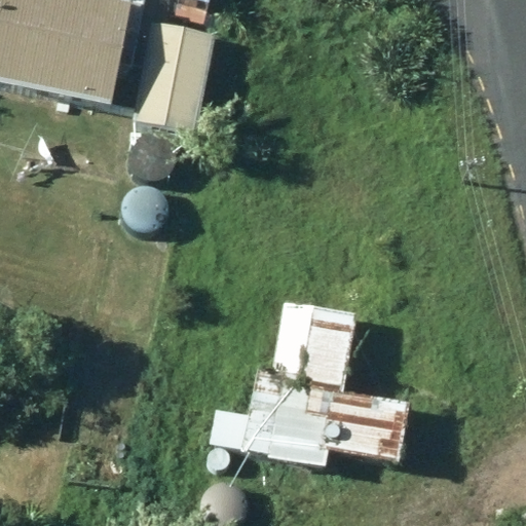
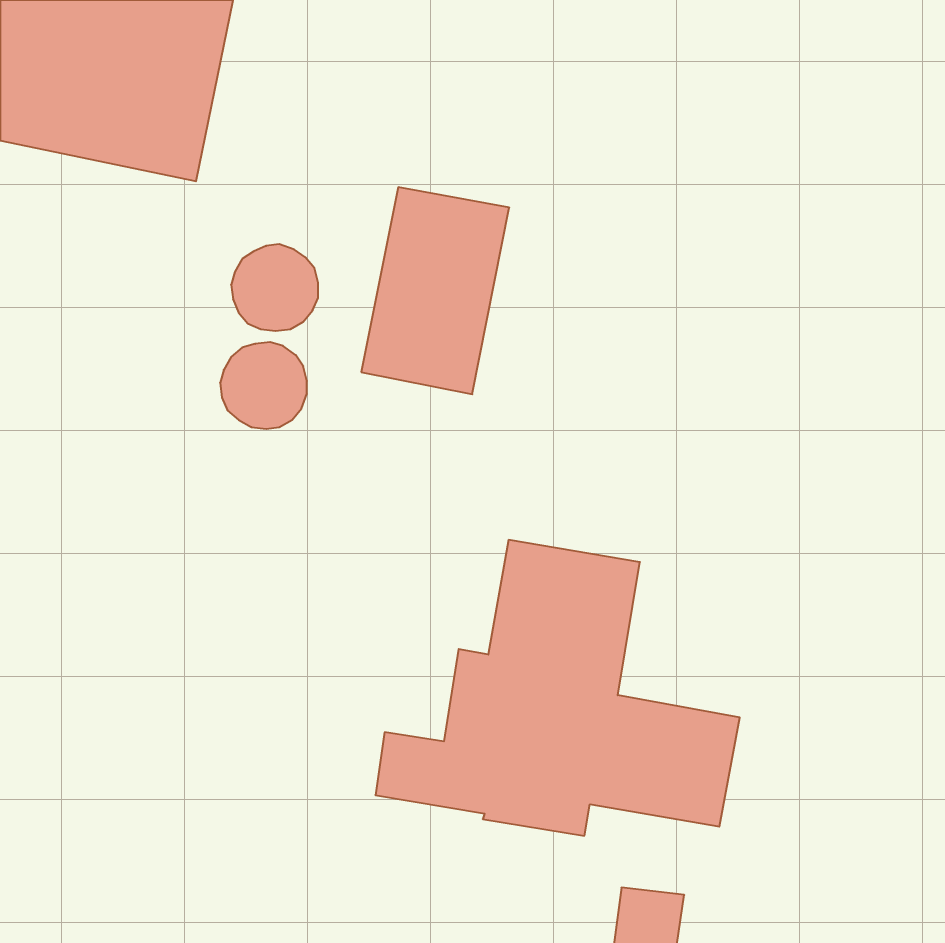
building: [132,17,214,133] -> [361,187,509,394]

